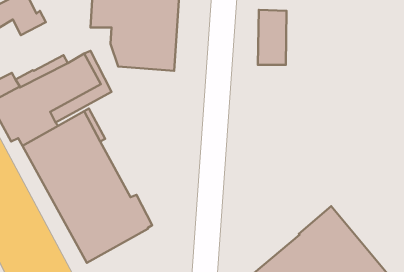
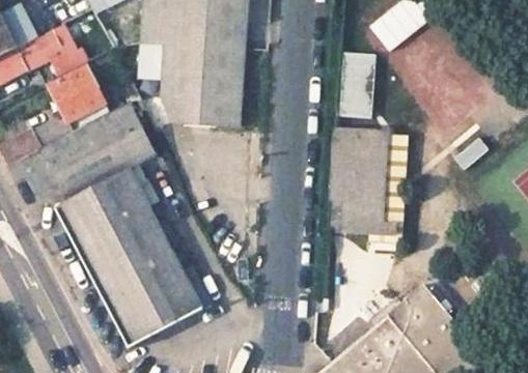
building: none -> [53,68,107,121]
building: none -> [331,130,391,234]

